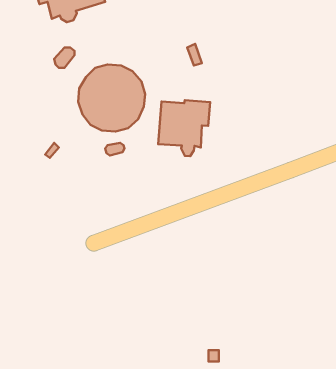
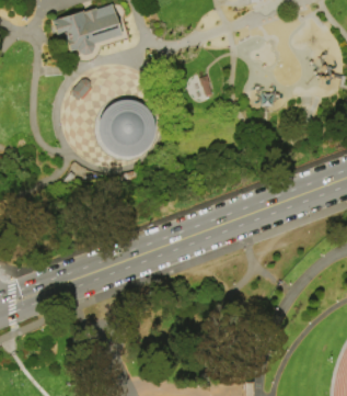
building: [158,100,210,156] -> none

